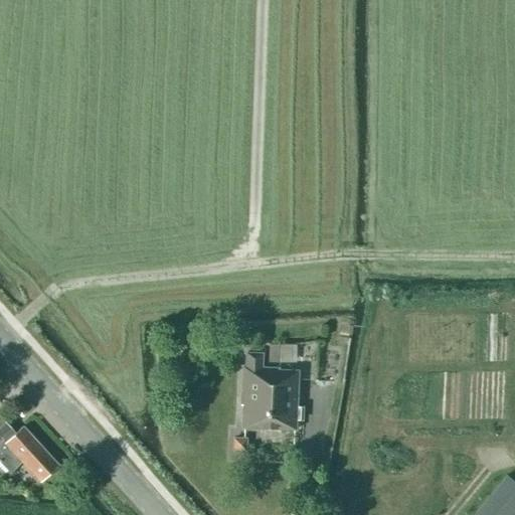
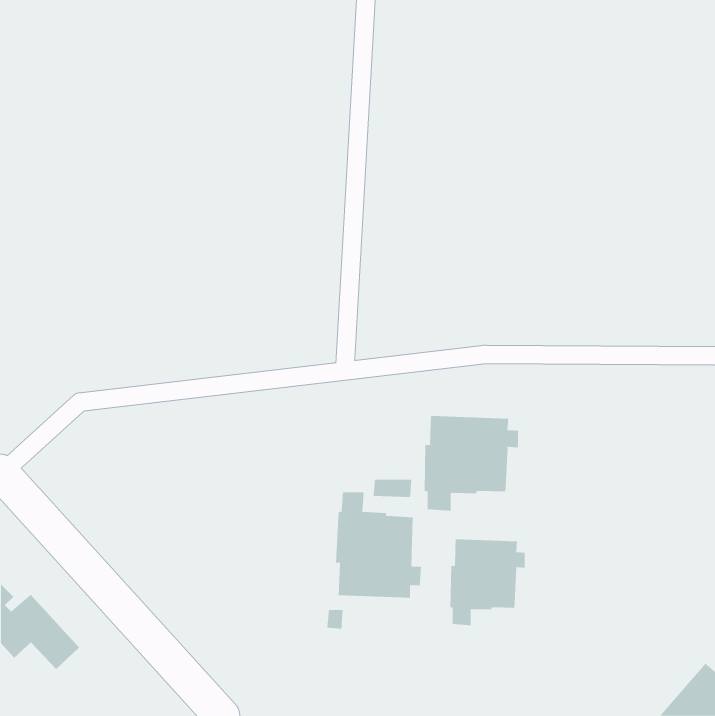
building: none -> [424,415,519,511]
building: none -> [450,539,525,626]

